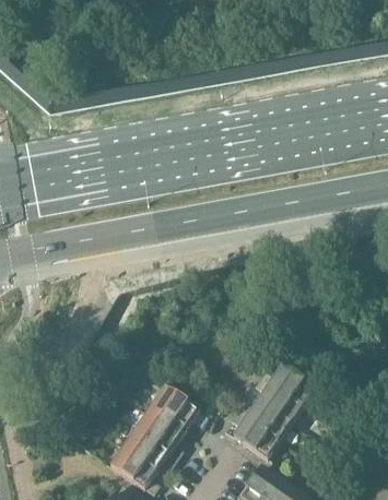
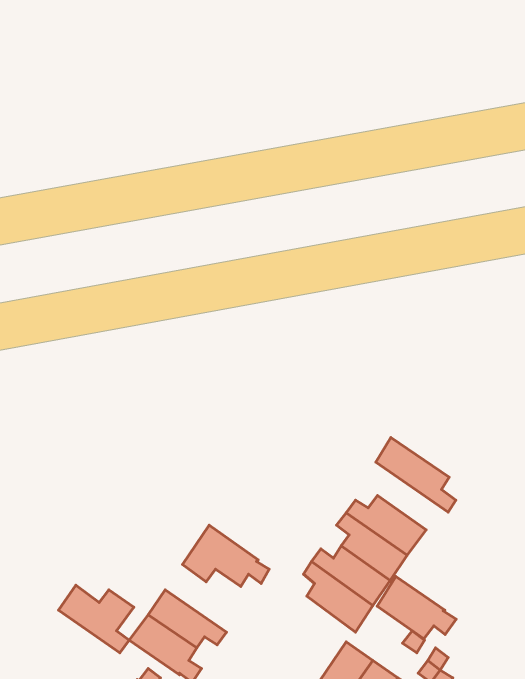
building: none -> [376,438,456,512]
building: [133,414,186,461] -> [58,585,134,653]
building: none -> [377,576,456,639]

